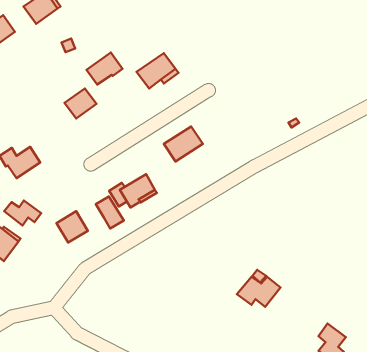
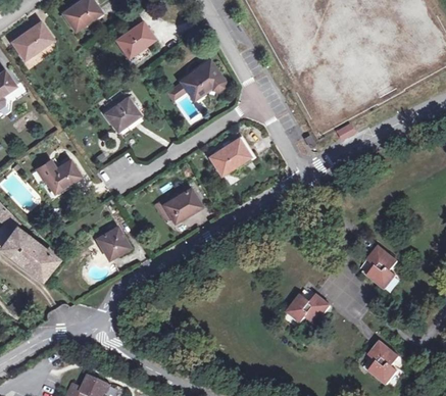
building: [87,52,123,85] -> [116,21,154,55]
building: [96,197,124,228] -> none
building: [4,200,41,225] -> none
building: none -> [367,247,398,291]

